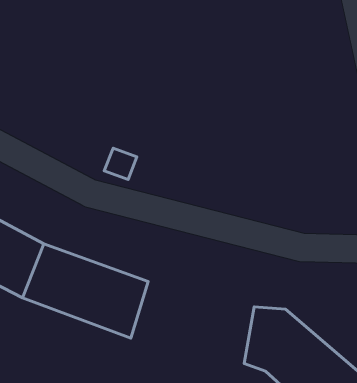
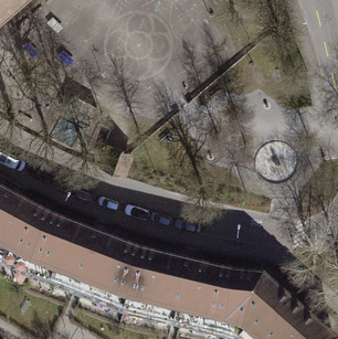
building: none -> [125,250,233,321]

